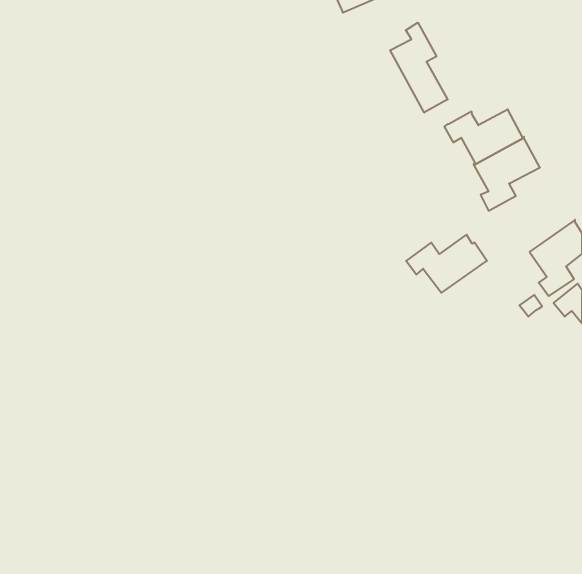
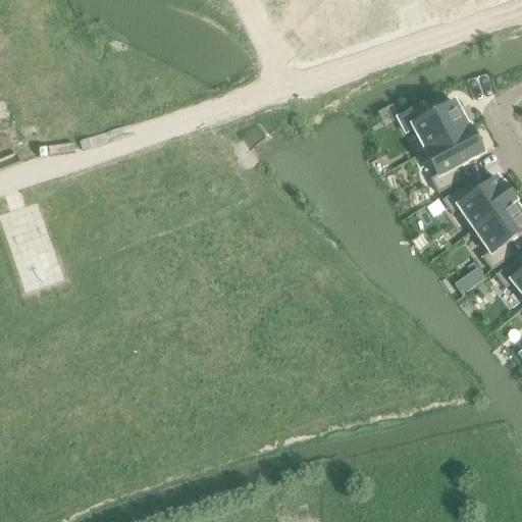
building: [390,23,448,113] -> none
building: [406,235,487,293] -> [442,173,515,225]

